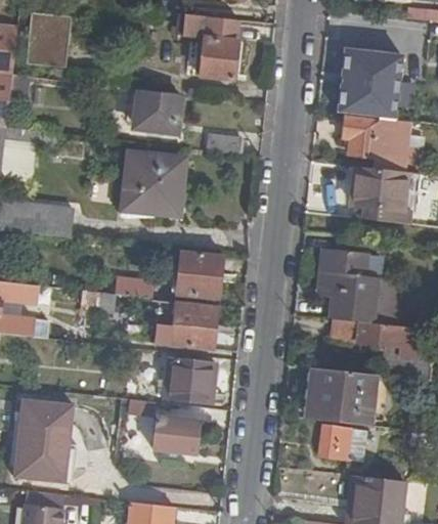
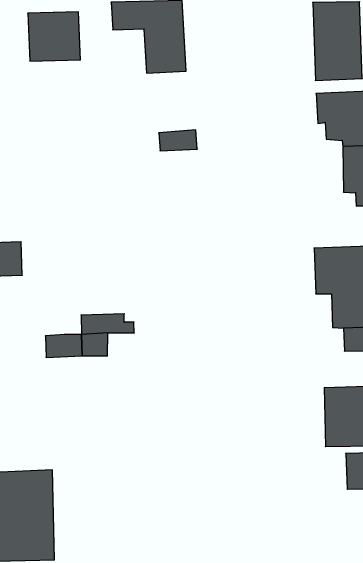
building: [135,90,182,136] -> [28,12,80,61]
building: [124,152,182,212] -> none
building: [176,252,223,297] -> none
building: [172,302,216,349] -> none
building: [168,359,211,401] -> none
building: [152,416,198,454] -> none

